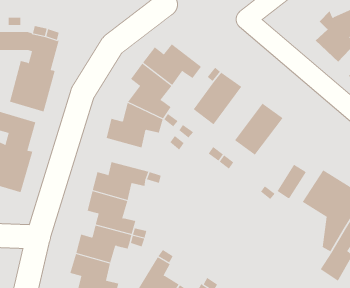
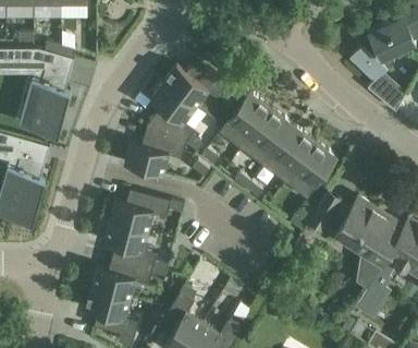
building: none -> [241,109,293,167]
building: none -> [285,143,337,201]

